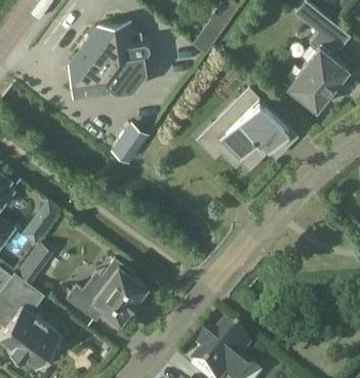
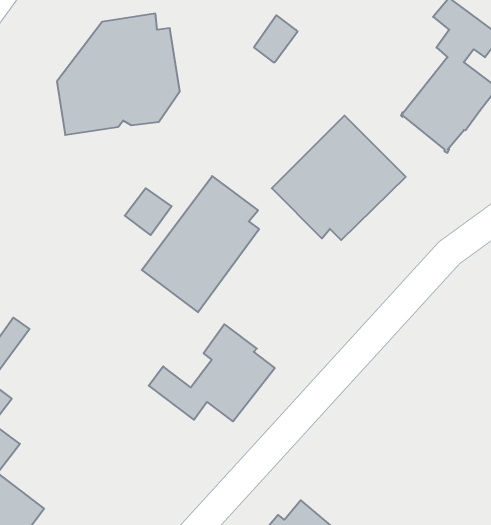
building: none -> [142,176,259,312]
building: [67,257,147,319] -> [149,324,275,421]

